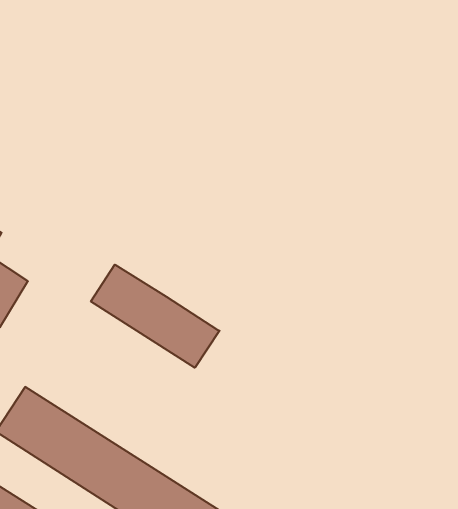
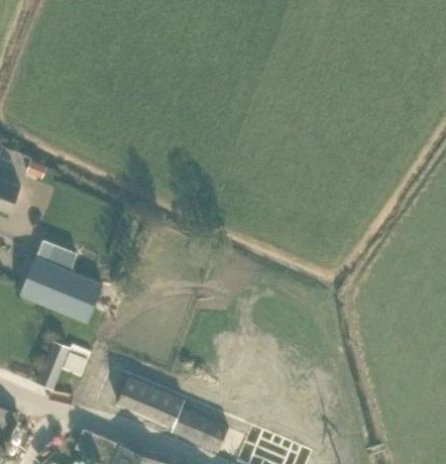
building: [91,265,220,368] -> none

